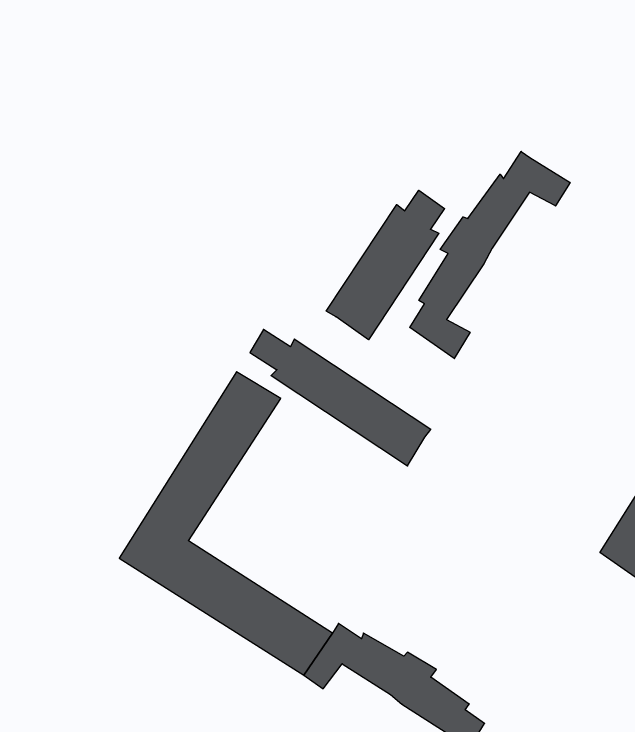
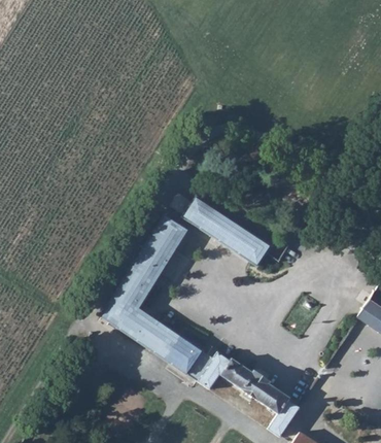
building: [410,151,570,359] -> none
building: [326,190,445,340] -> none

